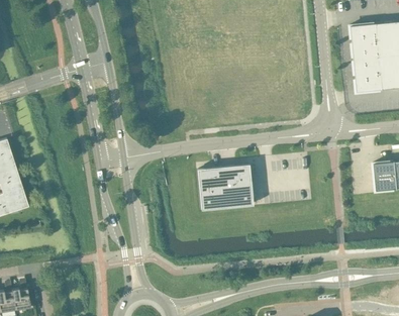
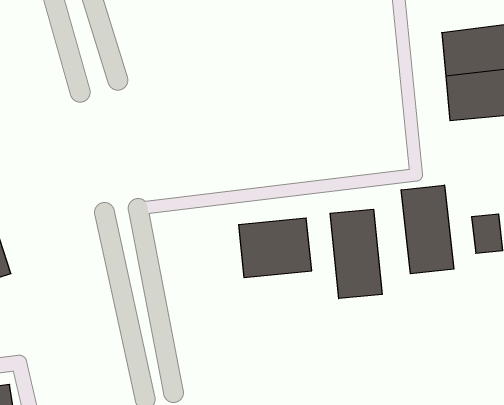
building: none -> [401,185,454,274]
building: none -> [330,209,382,299]

